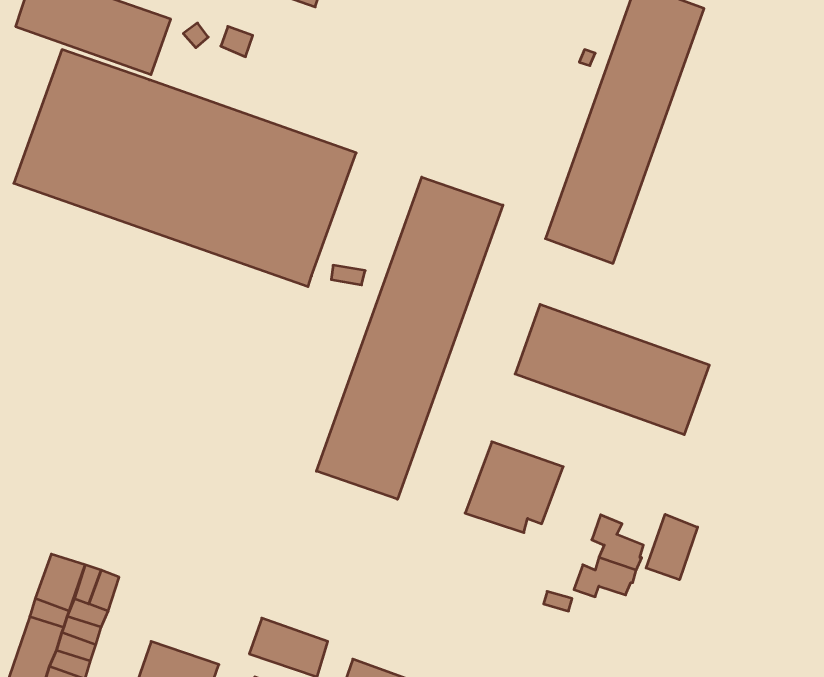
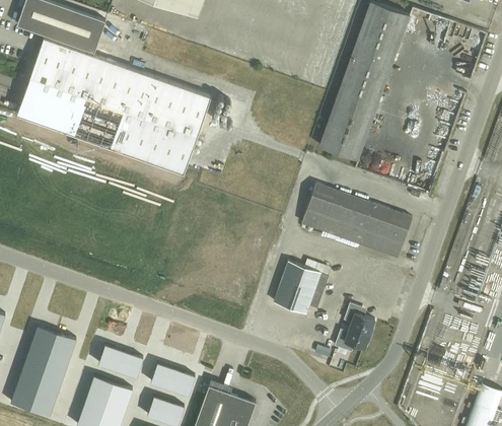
building: [316,177,503,499] -> none
building: [646,514,698,580] -> none
building: none -> [98,345,144,377]

